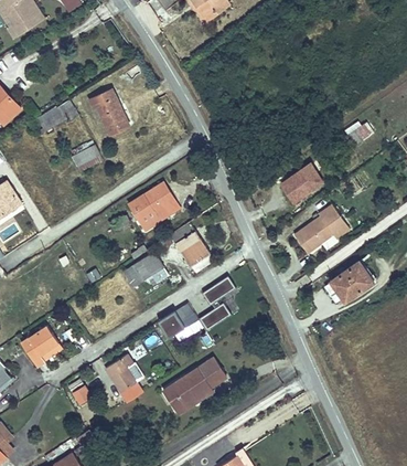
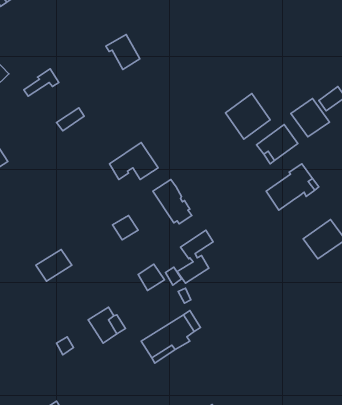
building: [90,98,126,135] -> [106,34,140,69]
building: none -> [225,93,270,139]
building: none -> [291,99,330,137]
building: [21,326,58,359] -> [36,249,72,281]

